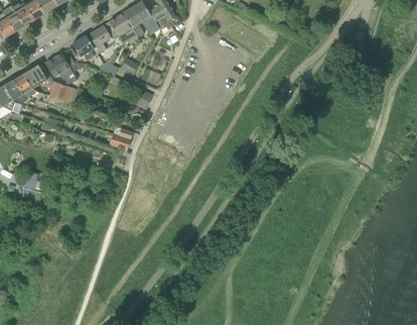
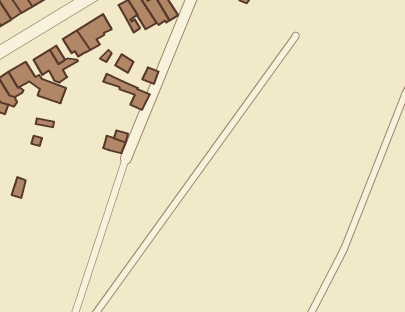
building: [109,12,132,40] -> none

